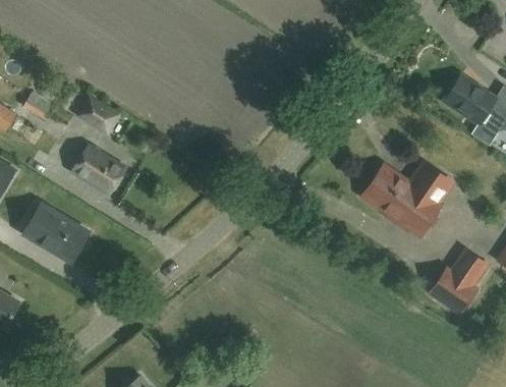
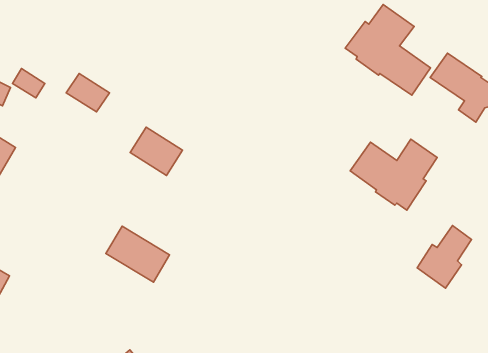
building: none -> [345,5,430,95]
building: [70,145,123,194] -> [130,127,183,176]
building: [22,205,87,261] -> [106,226,170,282]

